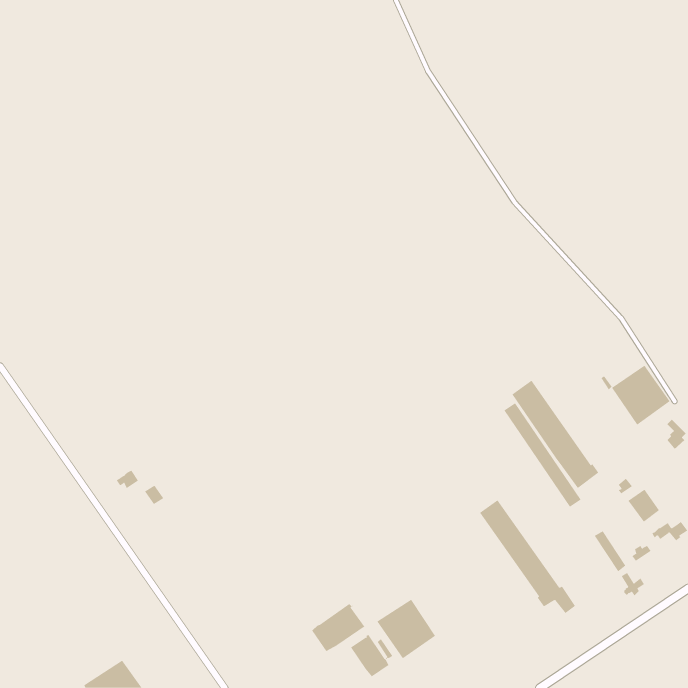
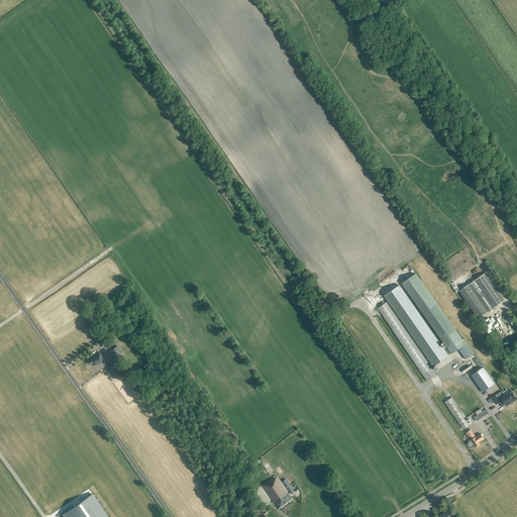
building: [479,500,576,614] -> [401,274,474,359]
building: [377,599,436,659] -> none
building: [312,603,365,652] -> none

